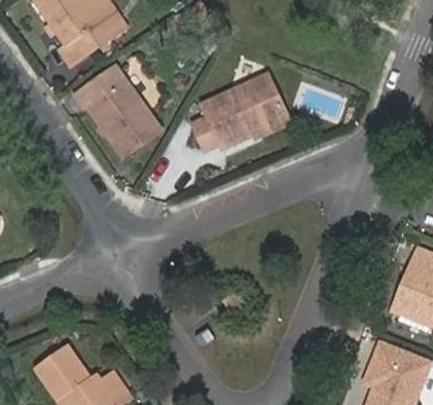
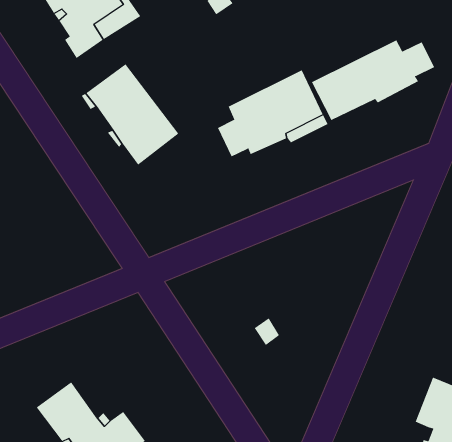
building: none -> [311,40,435,121]

